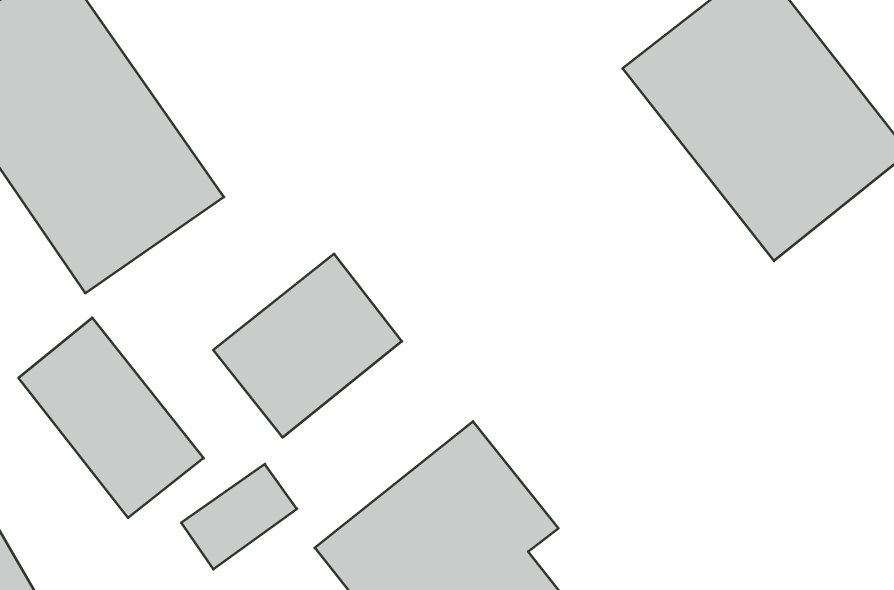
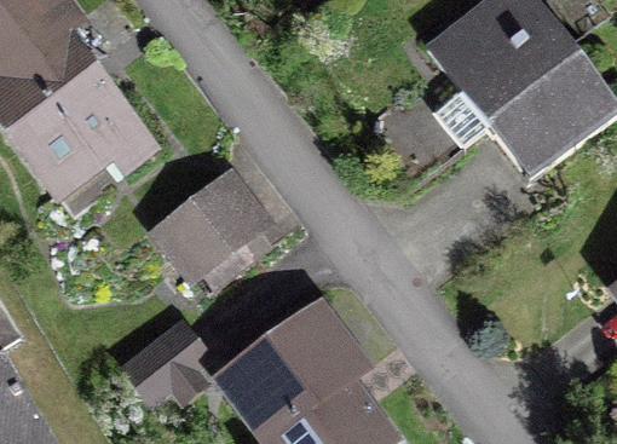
building: [19,318,204,518] -> none

